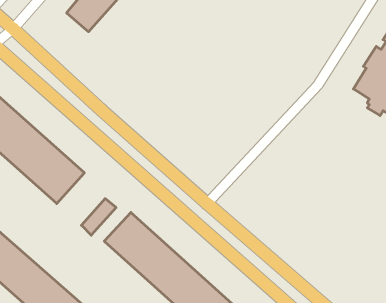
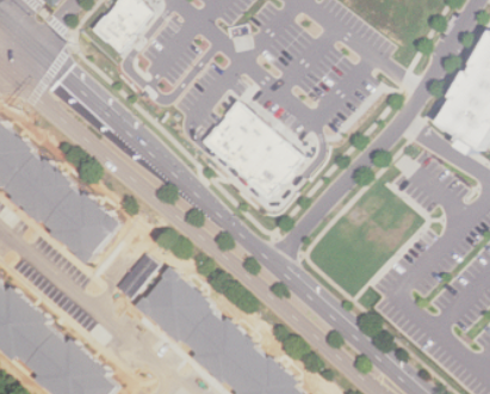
building: none -> [206,101,306,199]

